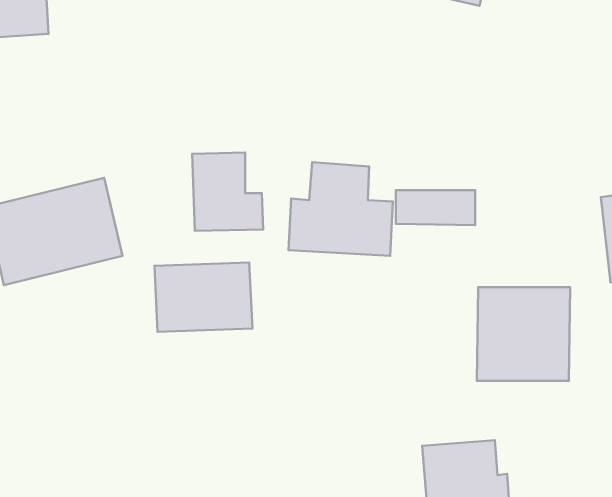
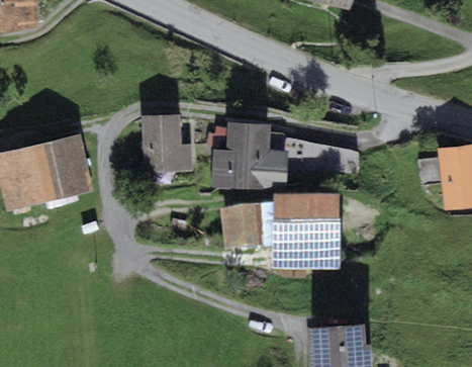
building: [154,263,253,332] -> none
building: none -> [220,211,262,252]
building: [477,287,570,381] -> [273,203,341,271]

